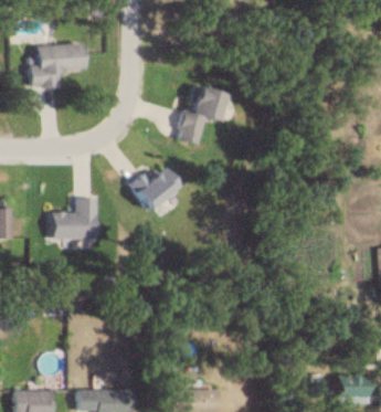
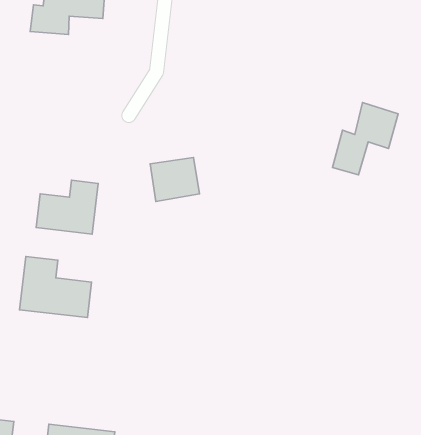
building: [178,86,224,142] -> [332,103,398,175]
building: none -> [20,256,91,318]

